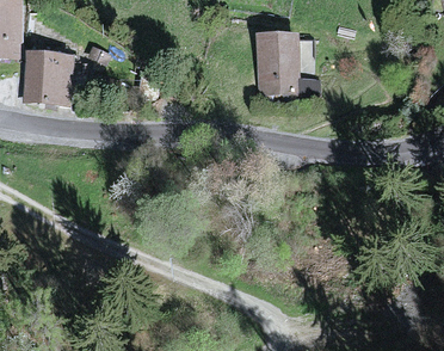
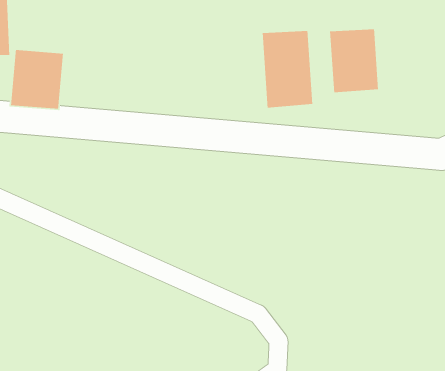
building: none -> [329,28,379,93]

